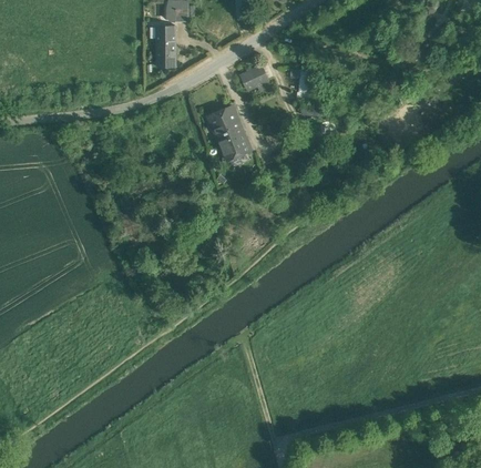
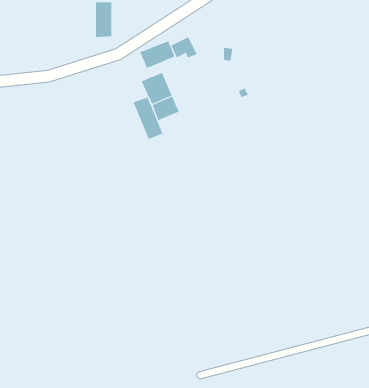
building: none -> [140,40,175,69]
building: none -> [133,97,163,140]

